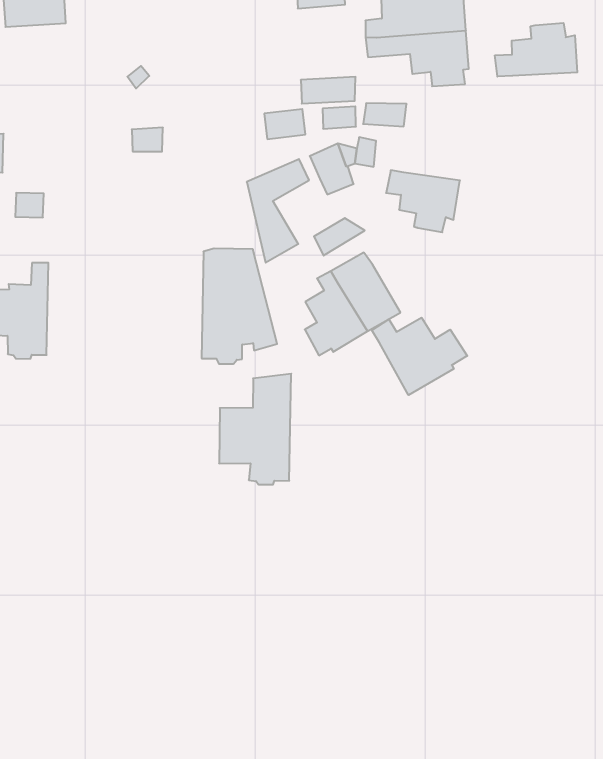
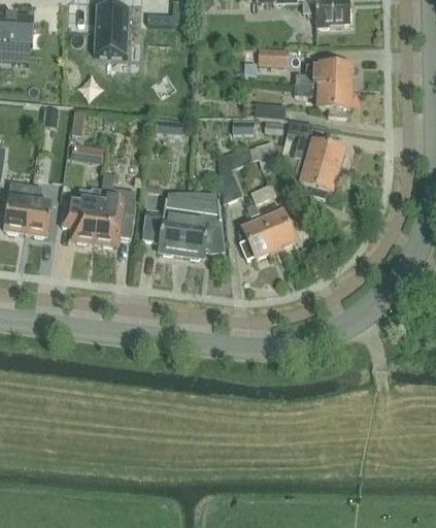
building: [495,23,577,77] -> none
building: none -> [306,141,343,170]
building: none -> [94,173,135,245]
building: [372,318,467,395] -> none
building: [219,374,291,485] -> [142,193,189,254]

